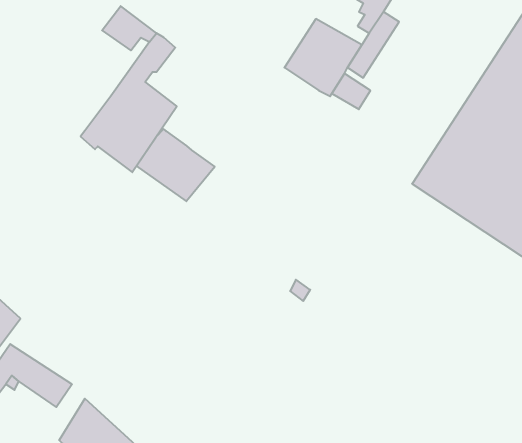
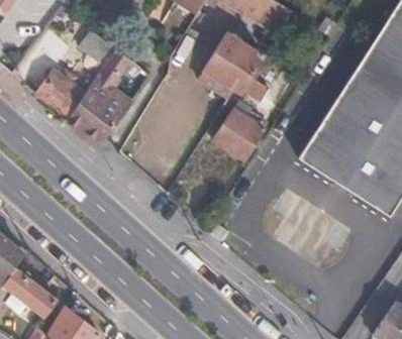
building: none -> [33,70,85,118]
building: none -> [212,108,264,159]
building: [137,129,215,201] -> none

